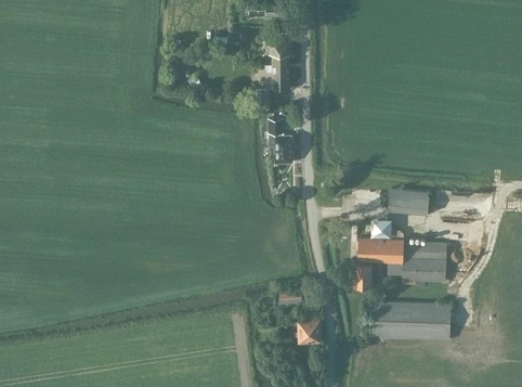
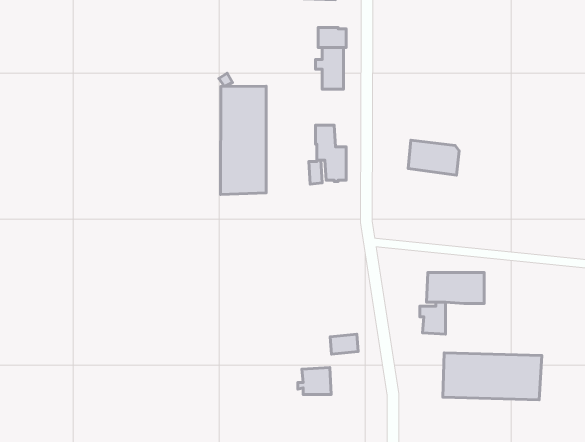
building: none -> [221,86,266,194]
building: [388,186,429,215] -> [408,140,459,175]
building: [387,241,446,282] -> none
building: [293,320,321,341] -> [298,368,331,394]

